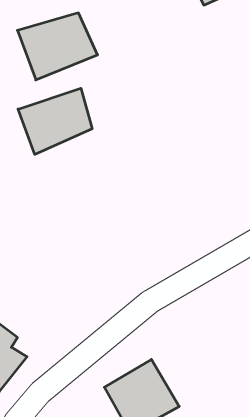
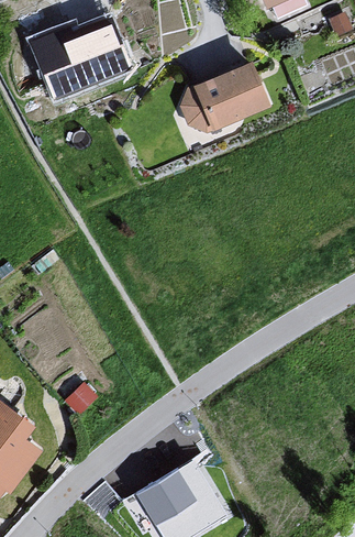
building: none -> [186,63,271,130]
building: [18,88,92,154] -> none

